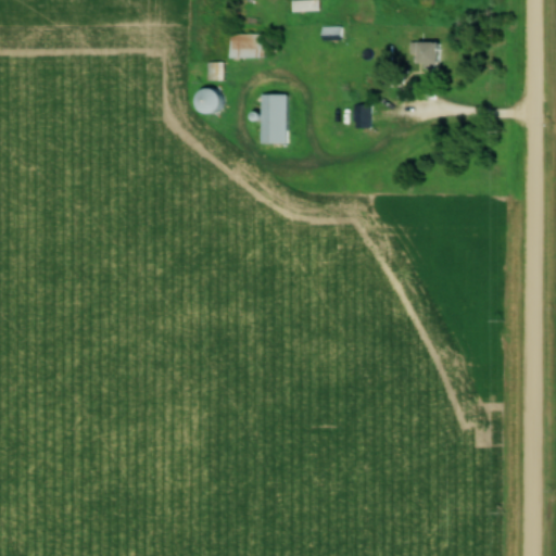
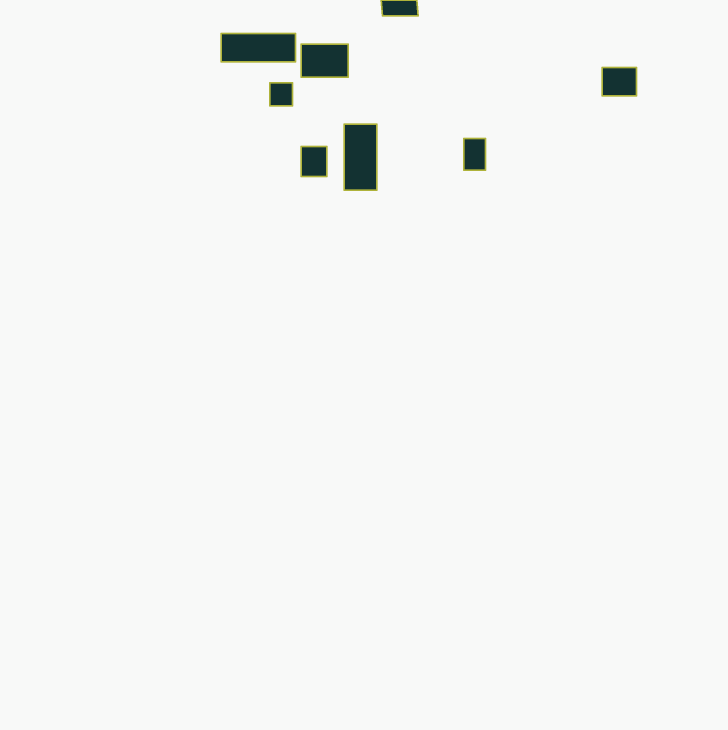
building: none -> [221,34,295,62]
building: [412,42,438,64] -> [602,67,636,96]
building: [198,90,217,113] -> [301,146,327,176]

